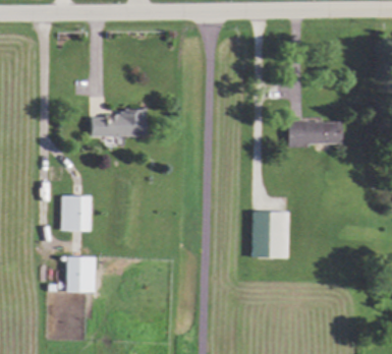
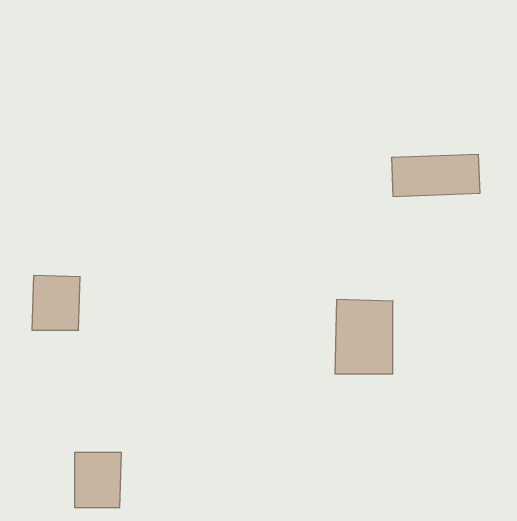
building: [91,112,145,136] -> none
building: [66,256,96,291] -> [75,453,121,507]

